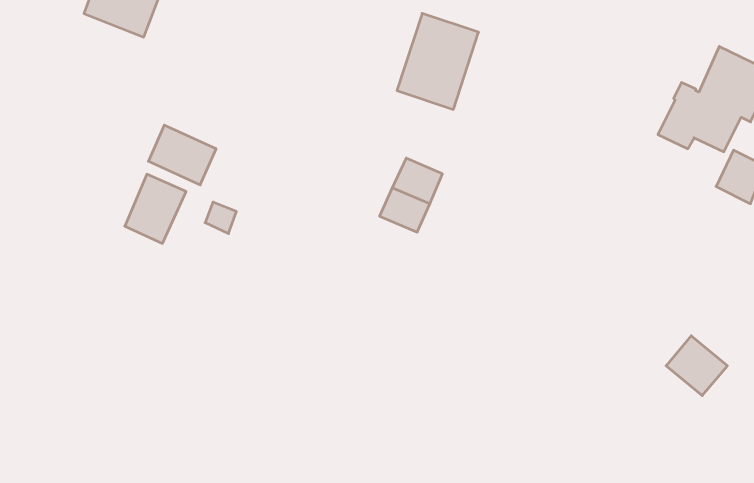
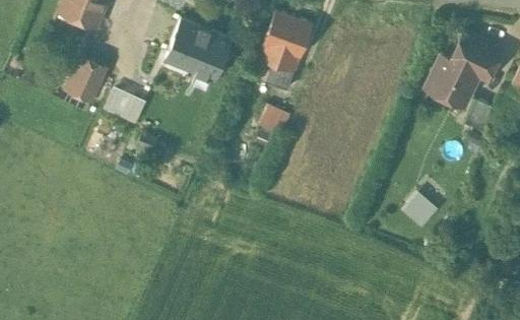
building: none -> [166,20,235,81]
building: [125,174,186,243] -> [67,58,107,103]
building: [666,336,727,396] -> [399,190,439,229]

